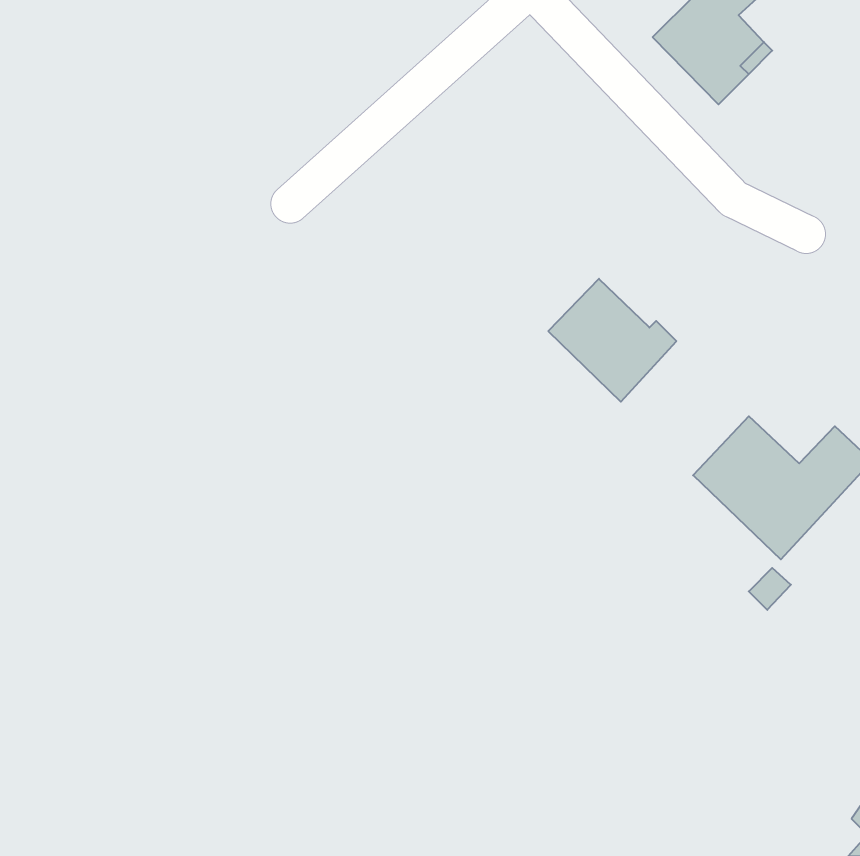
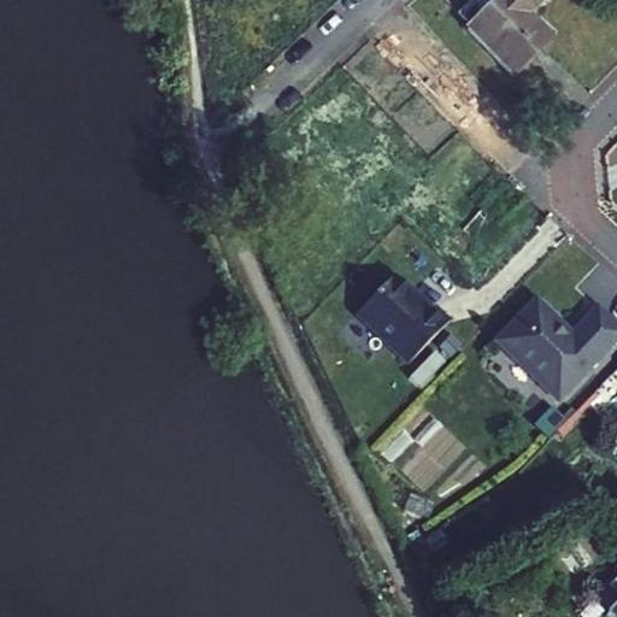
building: [548,279,676,402] -> [358,275,449,363]

